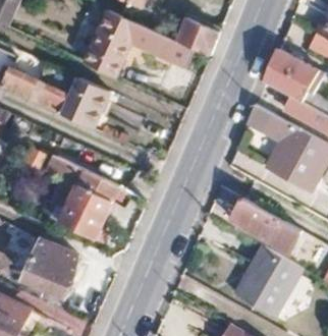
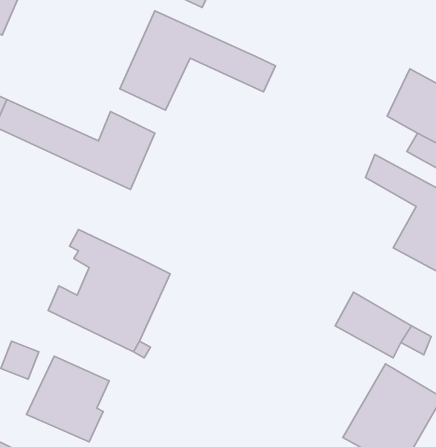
building: [176,17,219,56] -> none

